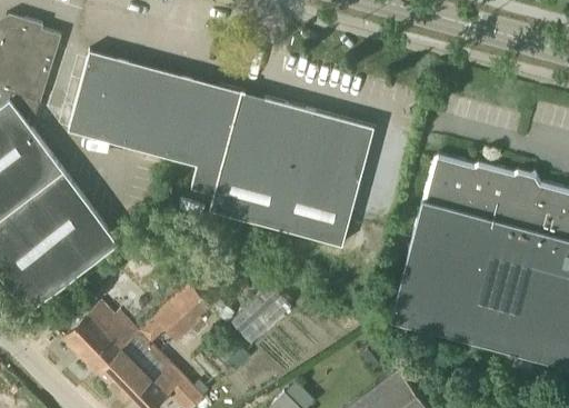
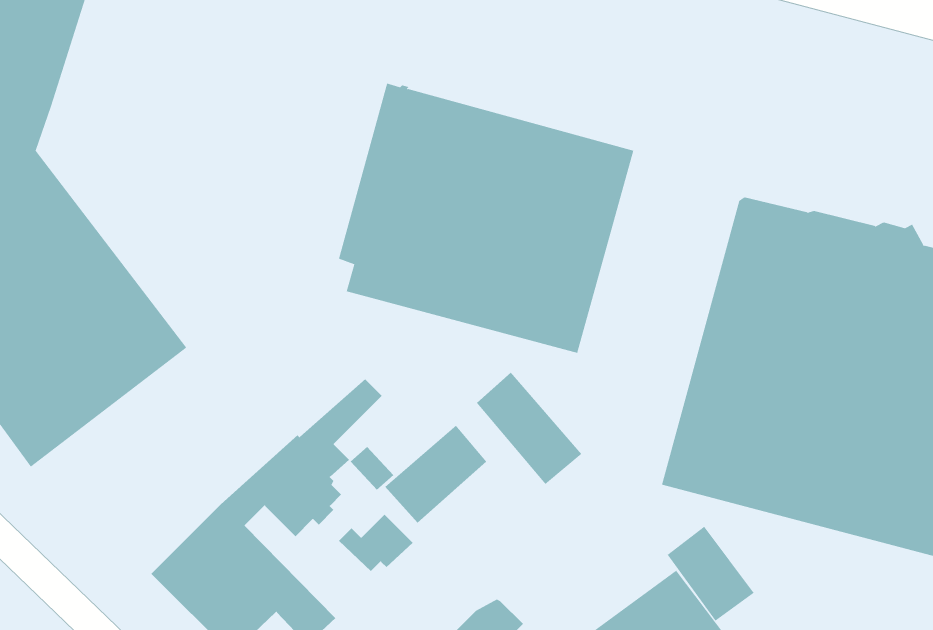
building: [68,51,232,191] -> none
building: none -> [476,372,582,485]
building: [64,300,137,372] -> none
building: none -> [667,526,754,621]

